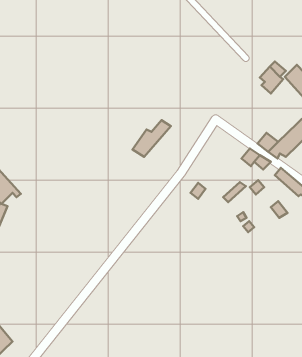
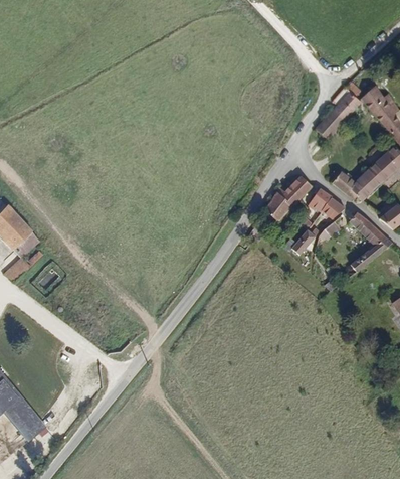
building: none -> [319,113,345,141]
building: [132,120,171,157] -> [265,178,312,222]

